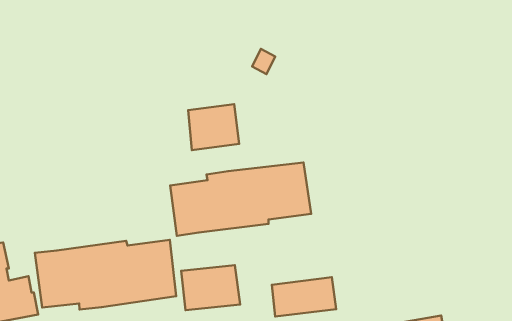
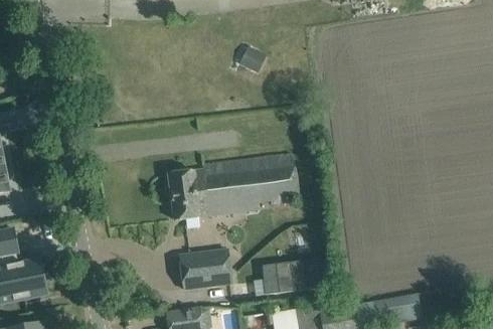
building: [188,104,239,150] -> none
building: [35,240,176,309] -> none

